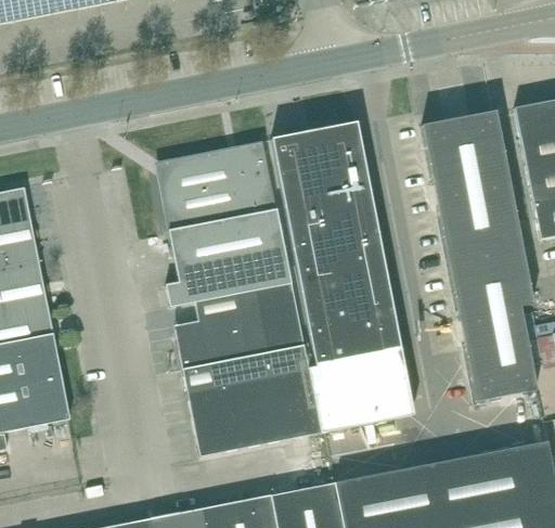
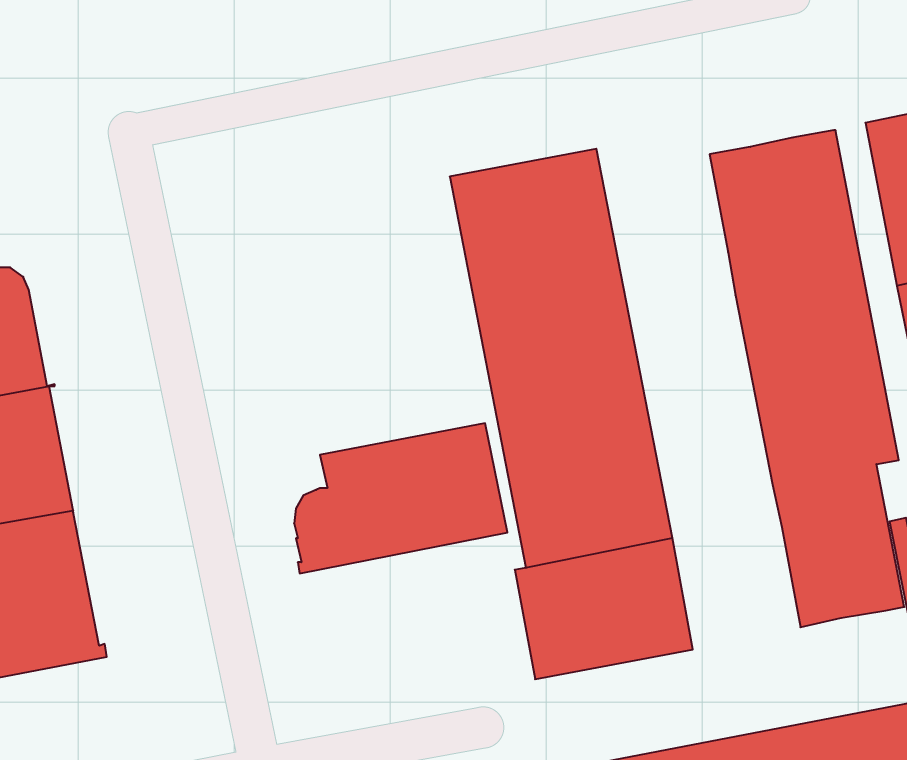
building: [162,140,292,306] -> none
building: [183,346,321,455] -> none

